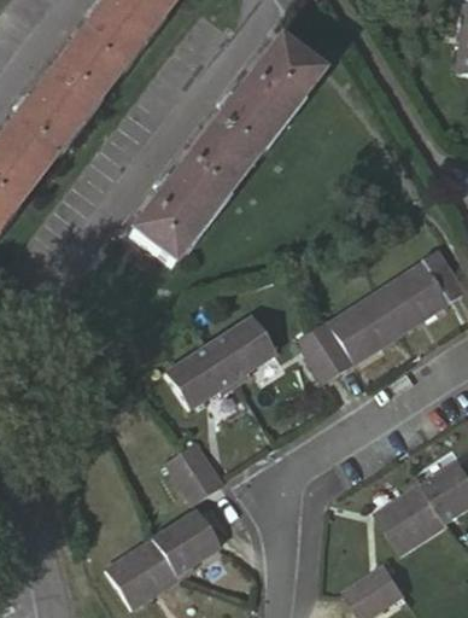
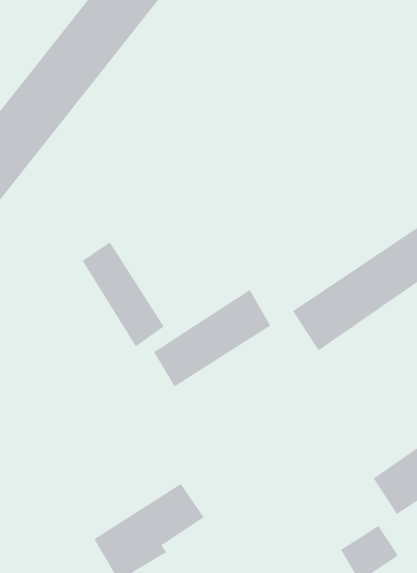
building: [123,39,326,273] -> none
building: none -> [82,241,165,347]
building: [162,445,213,503] -> none

